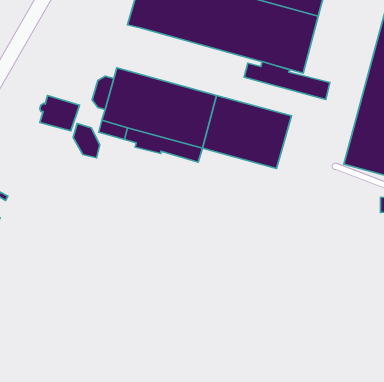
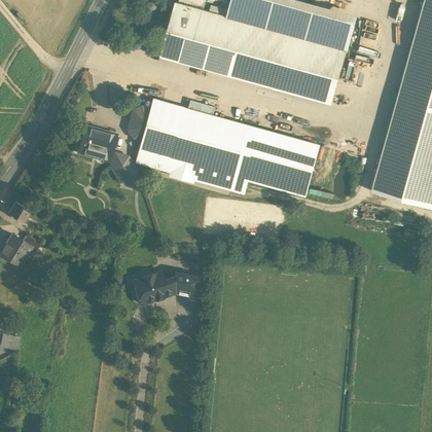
building: [244,62,330,99] -> none
building: none -> [134,272,195,304]

